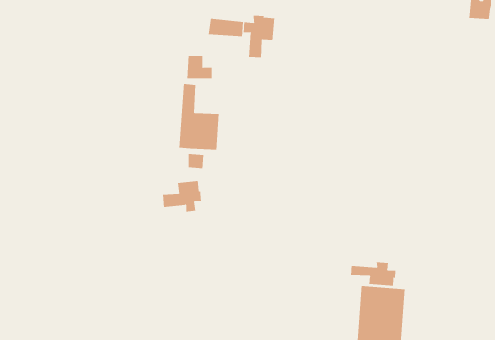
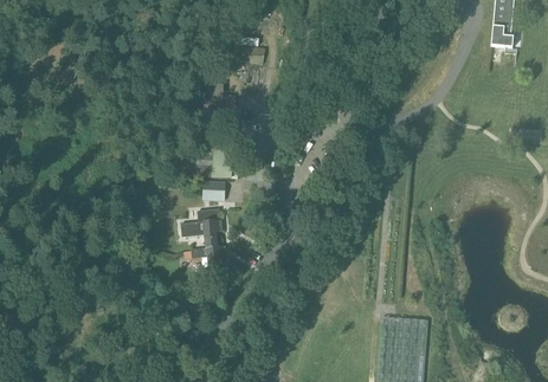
building: [243,15,275,58] -> none
building: none -> [191,238,226,272]
building: [351,261,396,286] -> none

